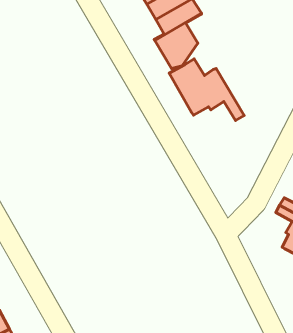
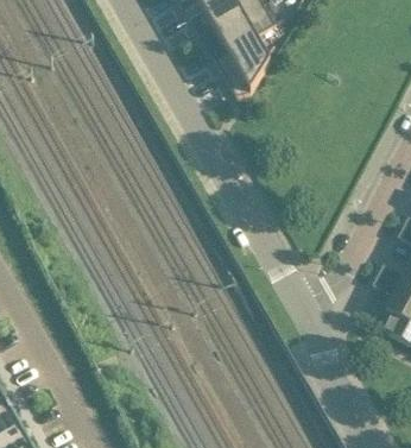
building: [169,59,244,120] -> none

